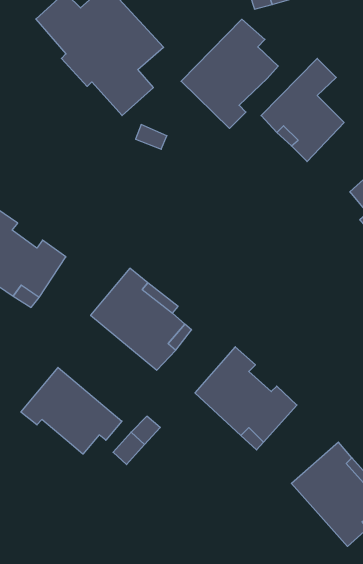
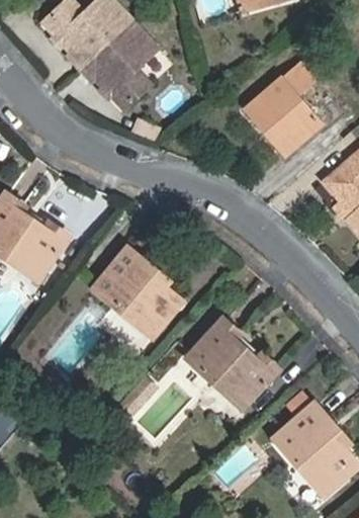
building: [181,19,278,128] -> none
building: [21,367,122,454] -> none

